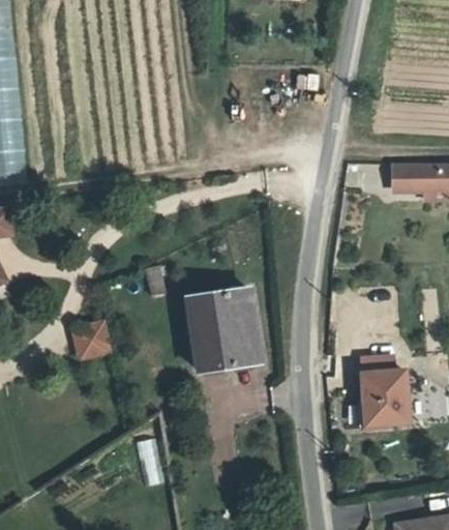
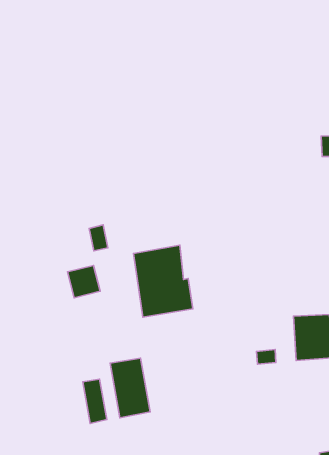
building: [73,322,110,358] -> [68,265,100,298]
building: none -> [110,358,150,418]

